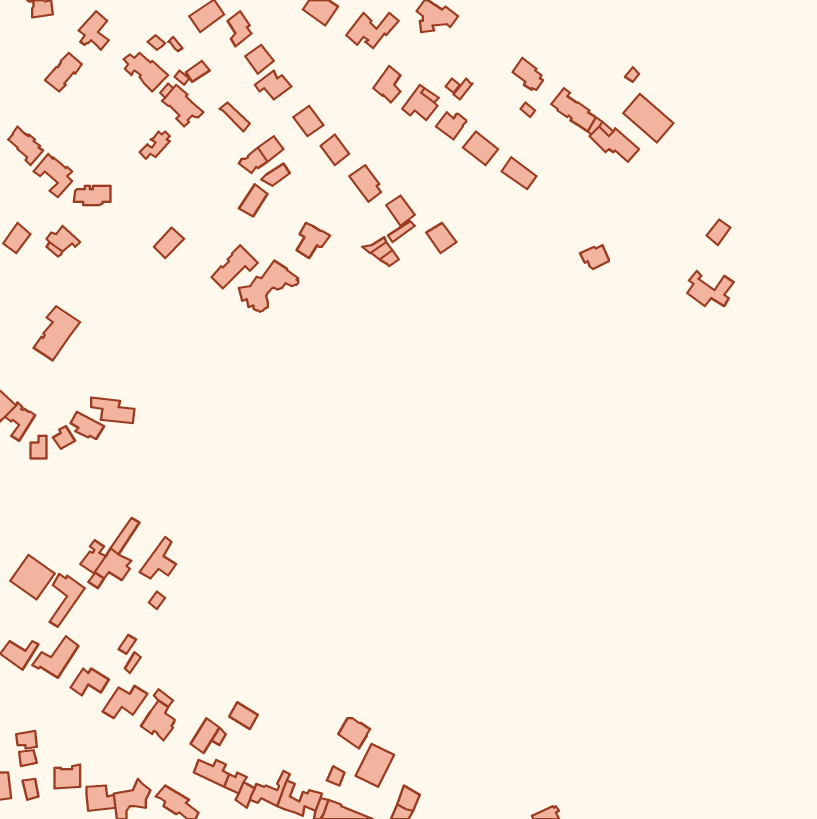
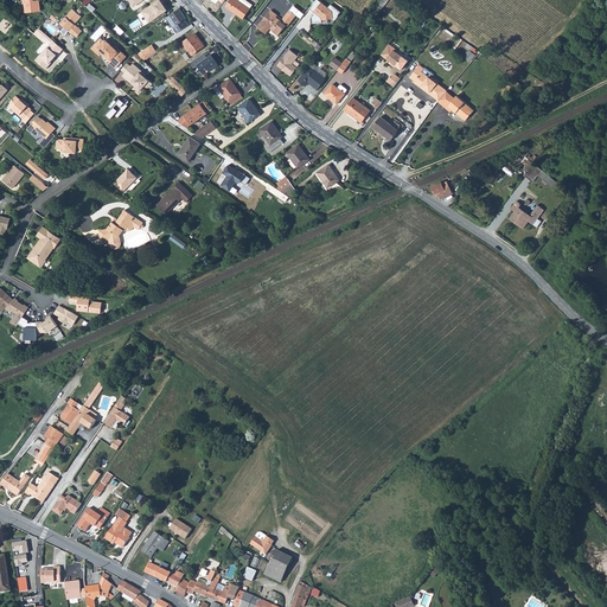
building: [623,94,674,143] -> none
building: [239,261,298,312] -> [97,210,141,248]
building: [10,555,55,600] -> none

